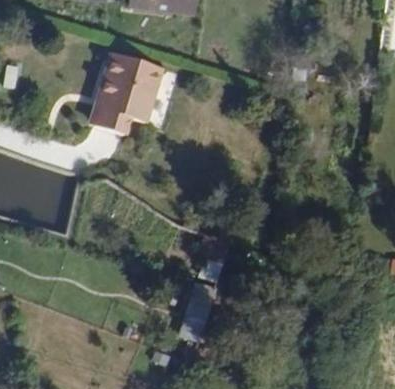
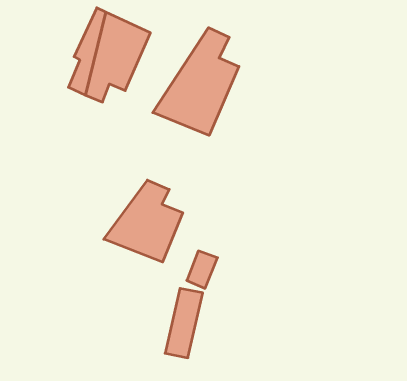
building: none -> [153,28,239,135]
building: none -> [104,180,183,262]

